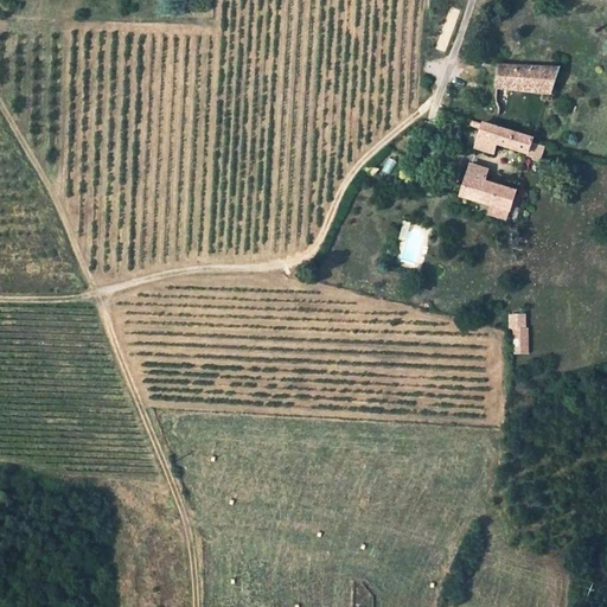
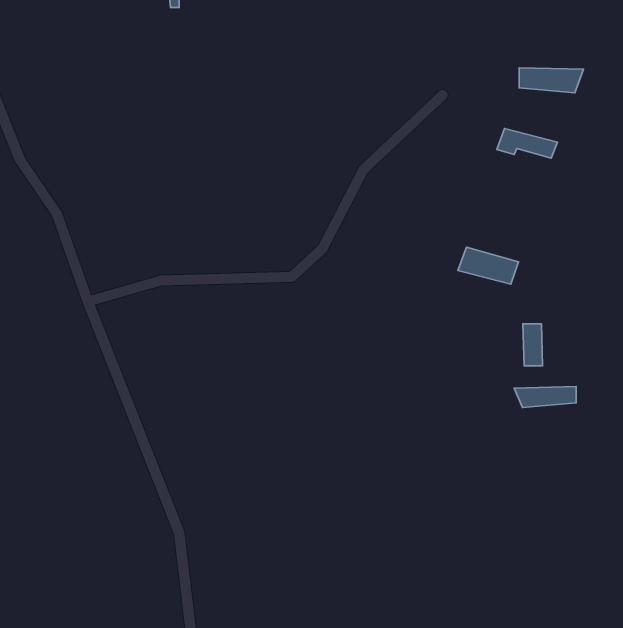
building: [459,171,517,206] -> [458,247,518,284]
building: none -> [514,386,576,408]

